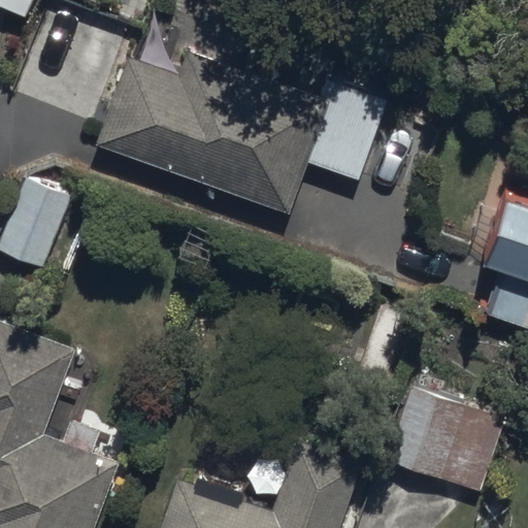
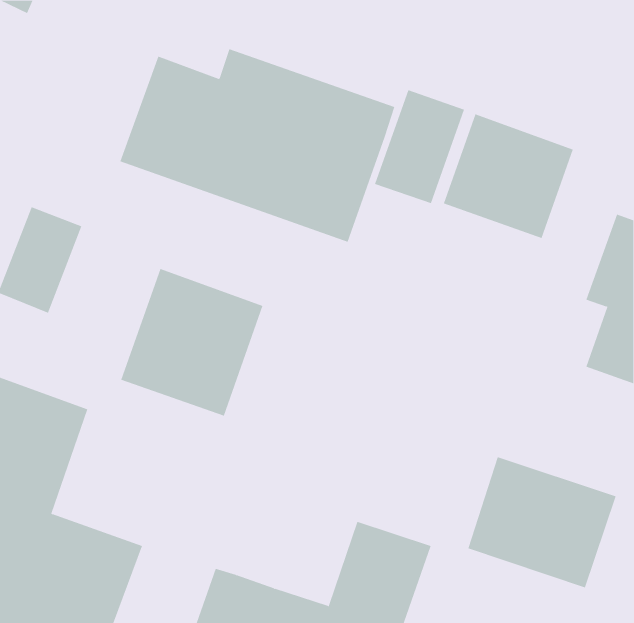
building: none -> [443,114,573,239]
building: none -> [121,268,263,416]

